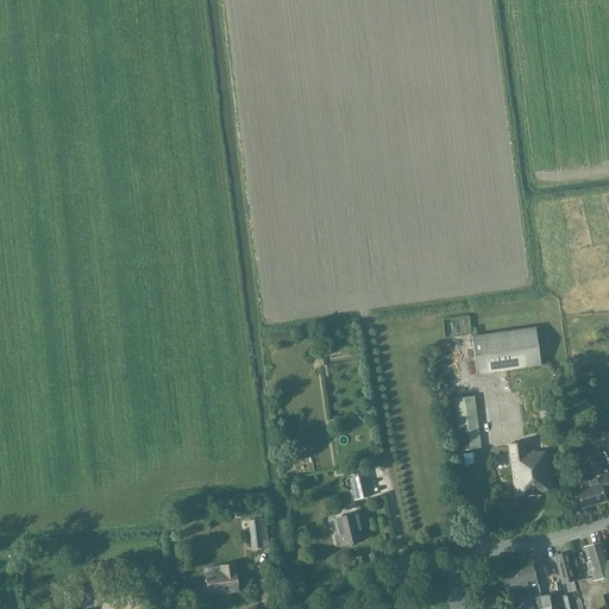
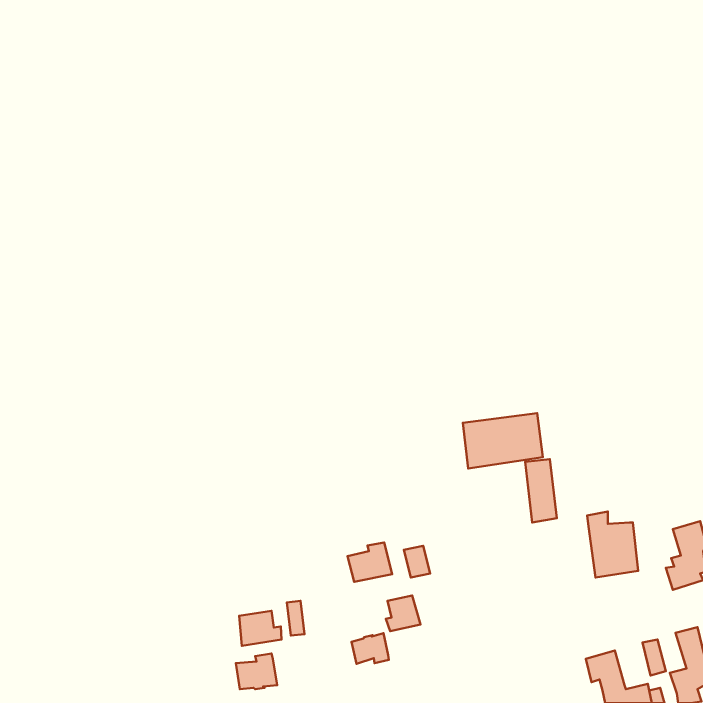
building: [472,327,541,375] -> [463,413,543,468]
building: none -> [348,543,392,582]
building: none -> [239,611,281,646]
building: none -> [352,633,389,664]

